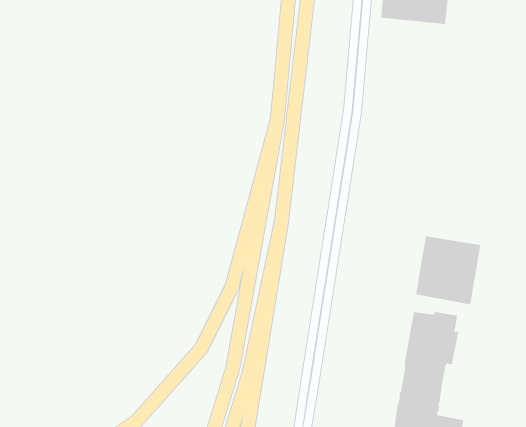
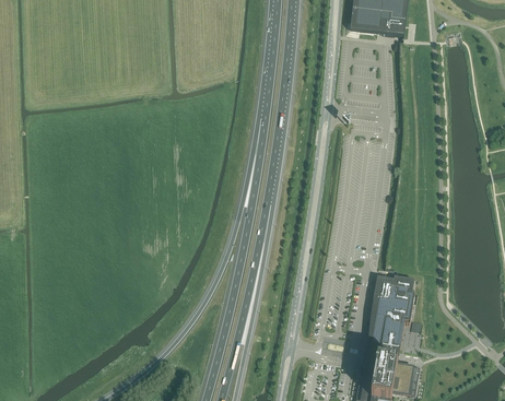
building: [416,235,481,305] -> none

